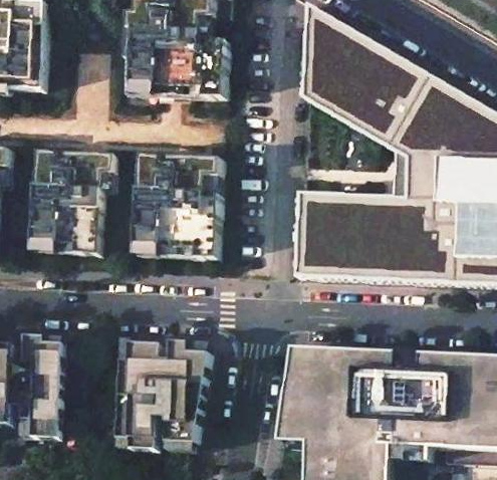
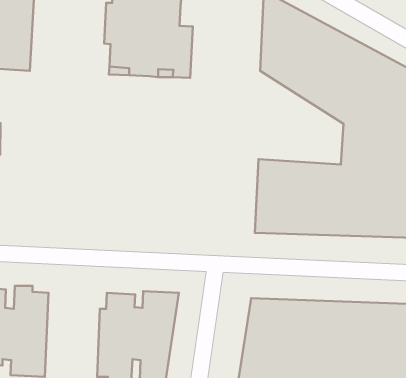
building: [30,151,112,253] -> none
building: [135,156,221,259] -> none

